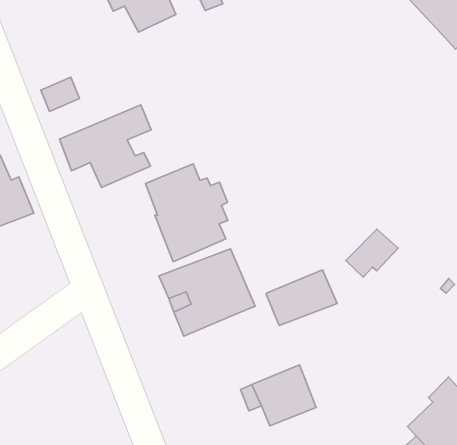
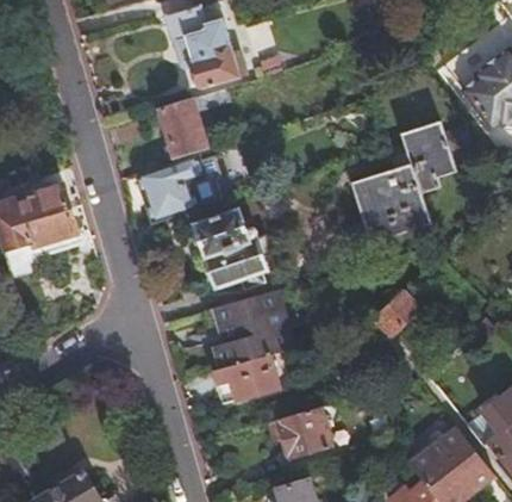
building: none -> [158,98,204,155]
building: none -> [352,120,455,241]
building: [266,270,337,326] -> [217,352,281,399]

